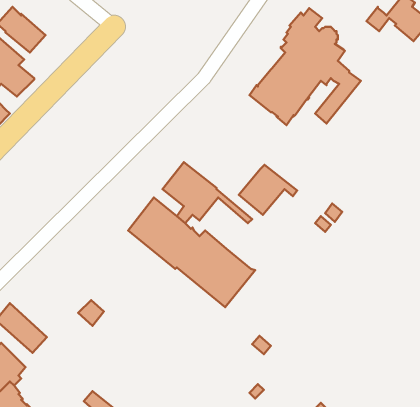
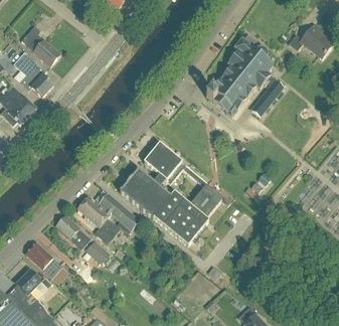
building: [239,165,297,215] -> [189,183,230,218]
building: none -> [77,191,141,243]
building: none -> [56,215,90,249]

